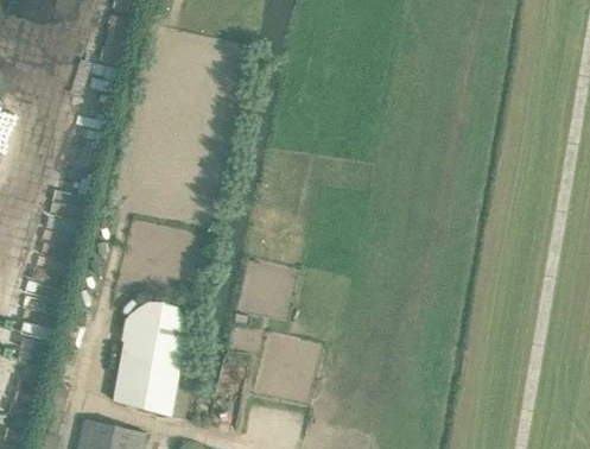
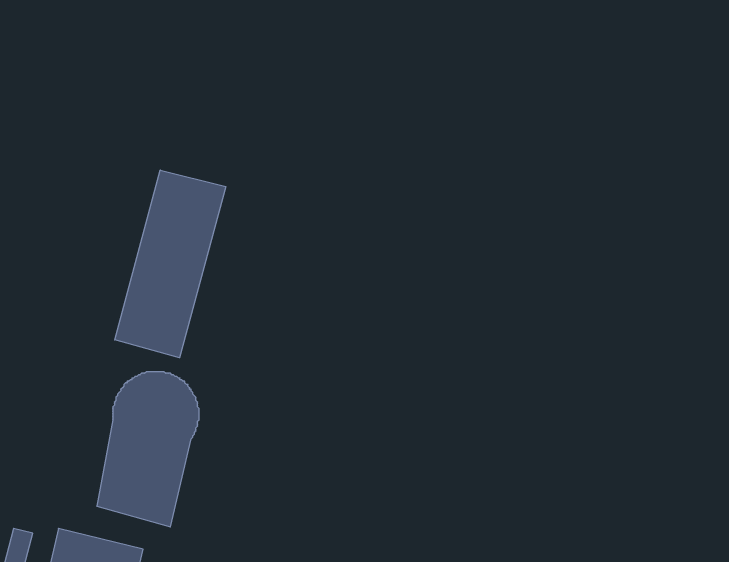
building: none -> [115,170,226,358]

